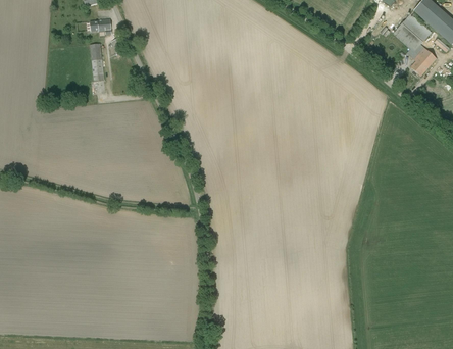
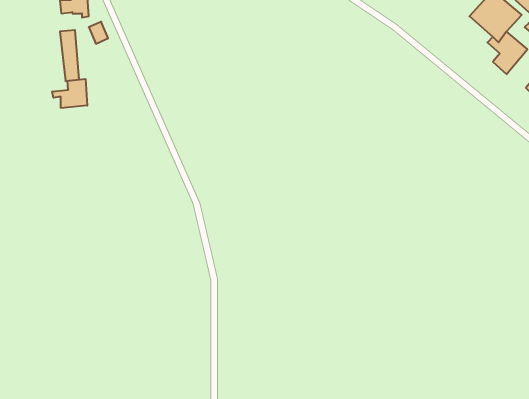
building: none -> [52,79,87,108]

